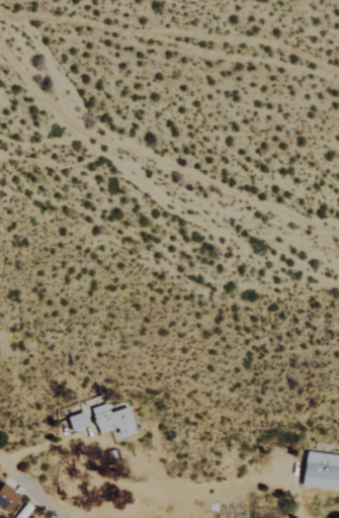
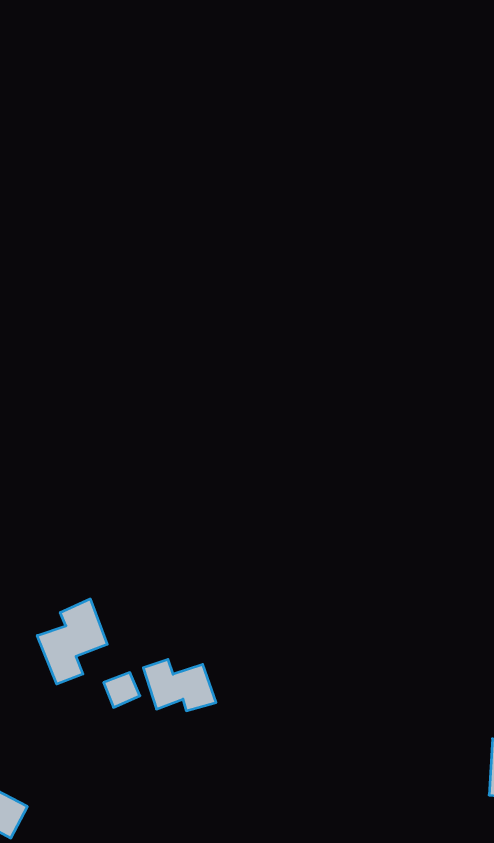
building: none -> [37,599,107,684]

